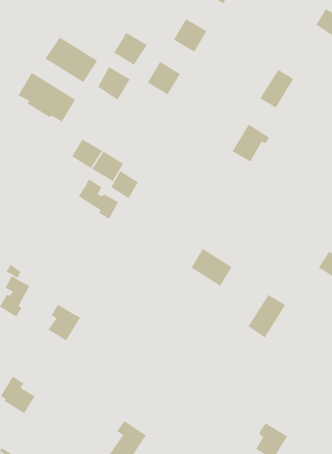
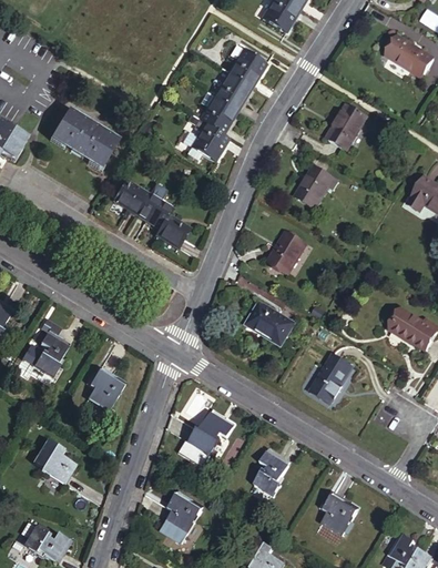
building: [113,32,148,66] -> [214,71,253,109]
building: [45,36,98,83] -> none
building: [97,66,131,101] -> [192,122,230,161]
building: [78,178,119,220] -> none
building: none -> [274,232,310,273]
building: none -> [189,412,233,454]
building: none -> [253,446,291,497]

